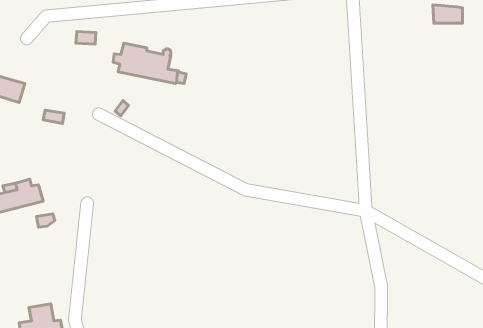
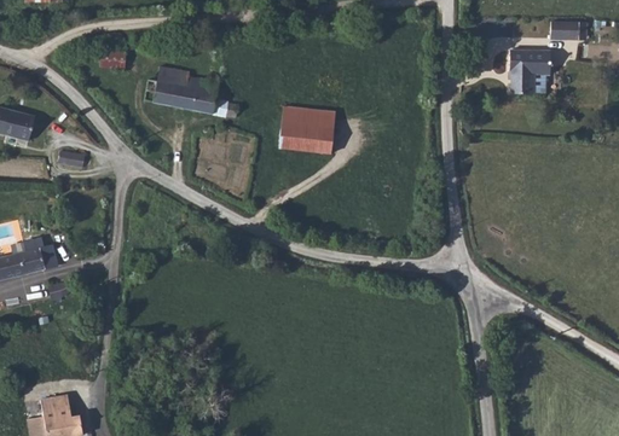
building: none -> [509,50,550,94]
building: none -> [279,106,335,153]

